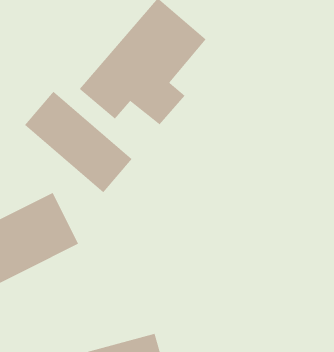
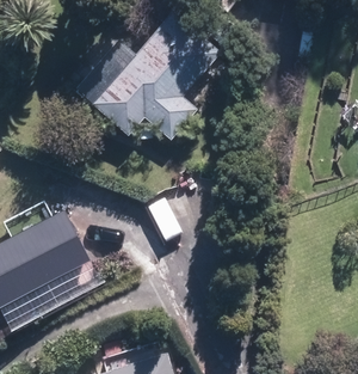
building: [24,91,133,193] -> none

